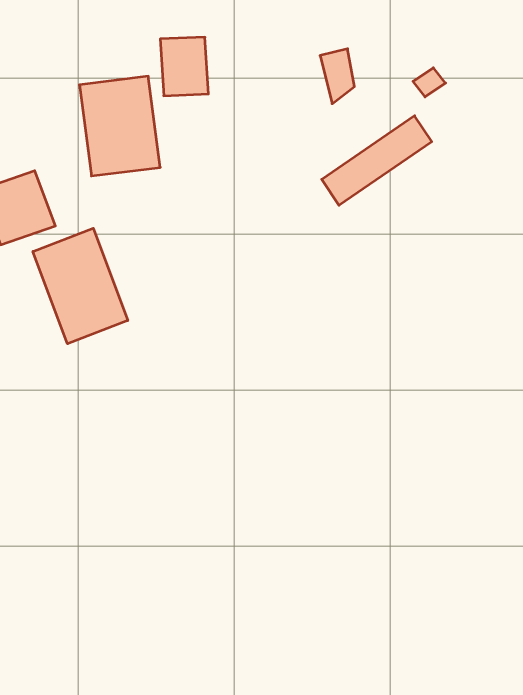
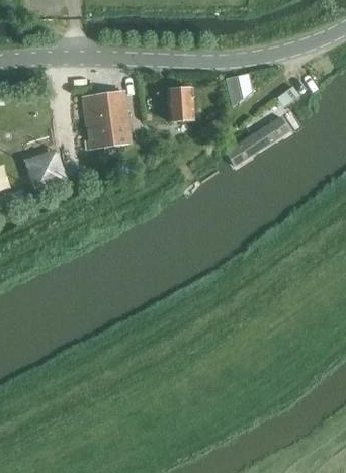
building: [160,37,208,96] -> [166,88,194,122]
building: [33,228,128,344] -> none

